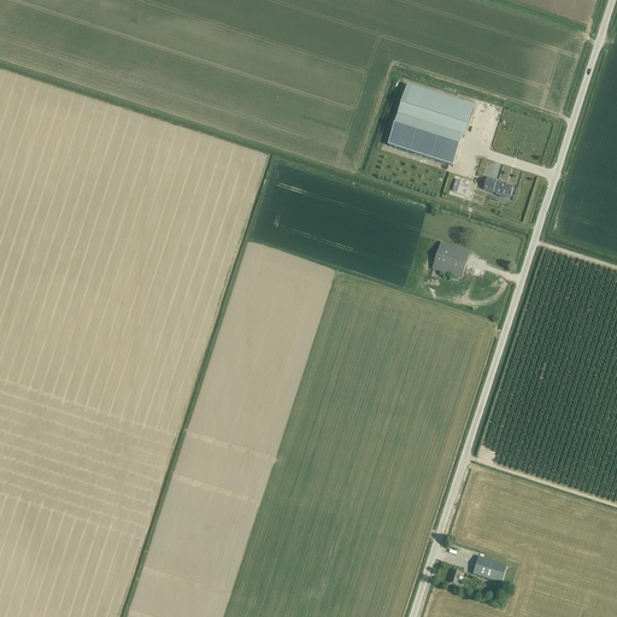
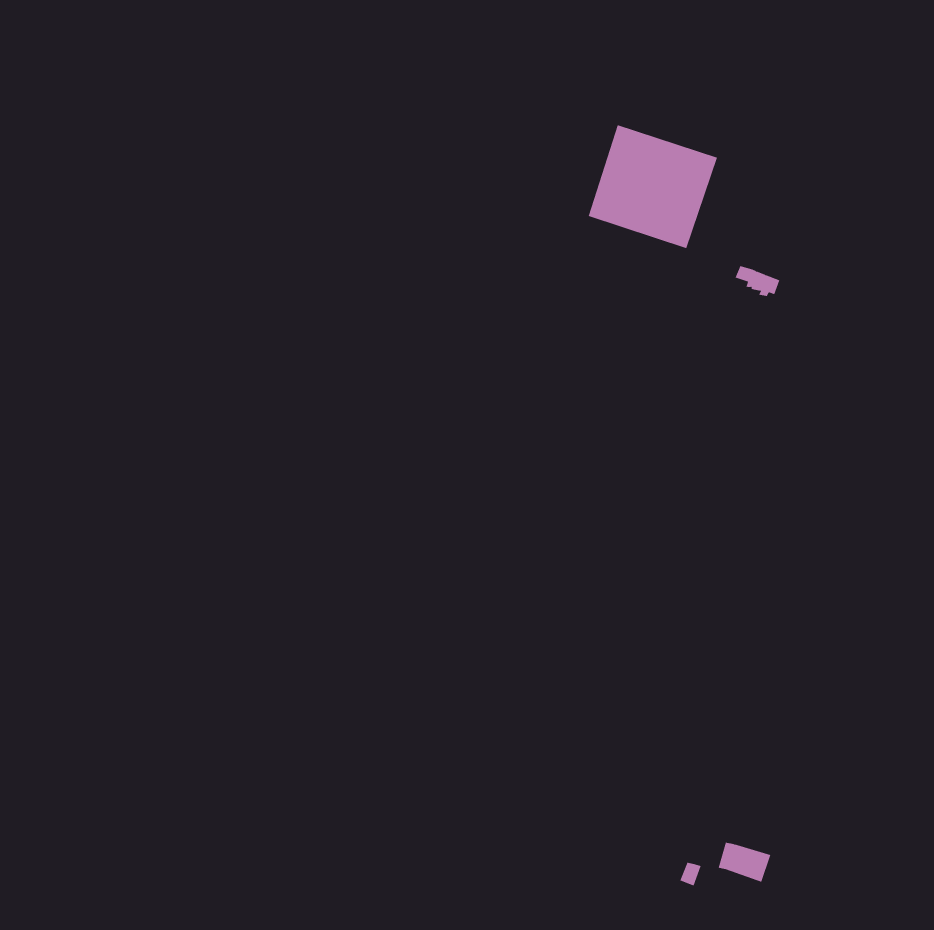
building: [431,240,469,276] -> none

